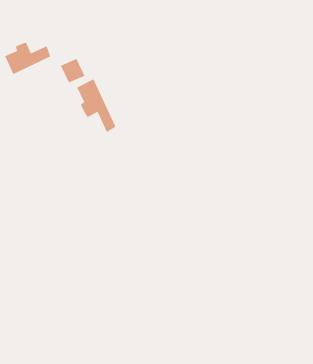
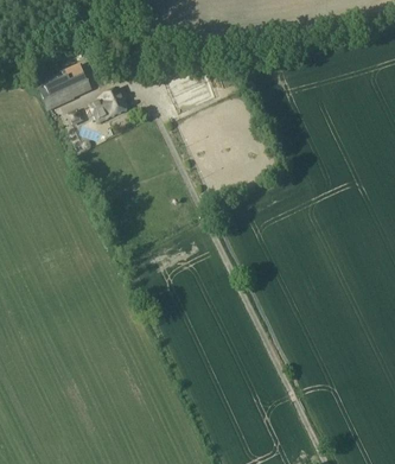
building: [76,78,117,133] -> none

